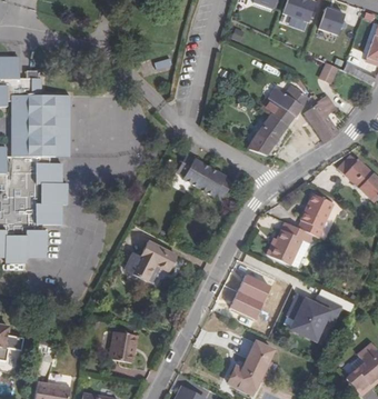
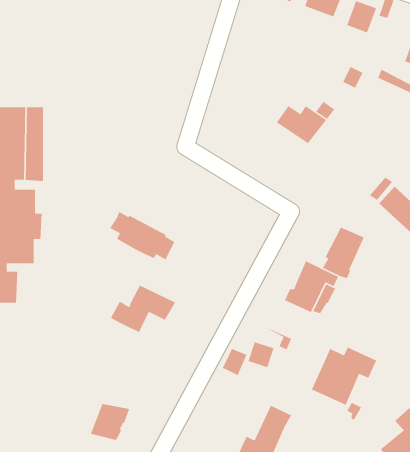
building: [304,96,339,142] -> none
building: [248,114,287,154] -> none
building: [178,156,232,197] -> [109,211,175,261]

